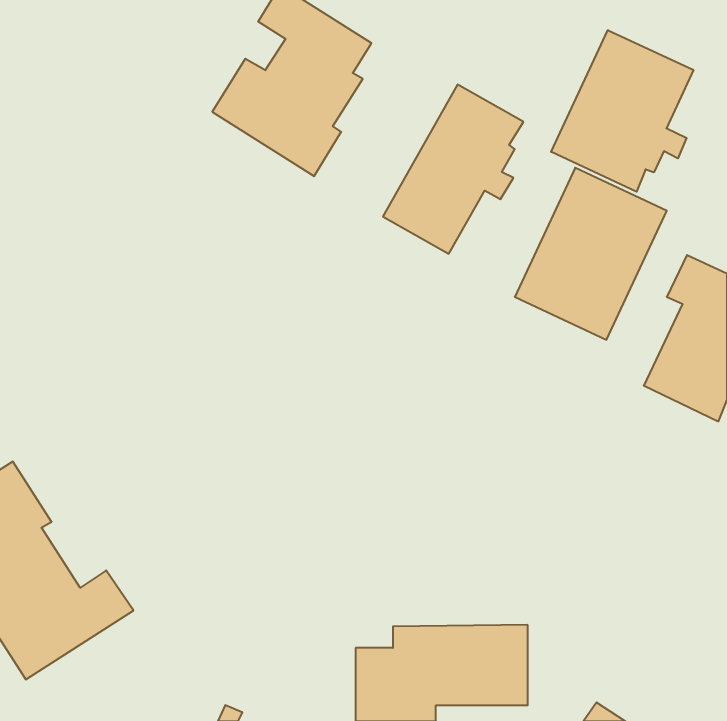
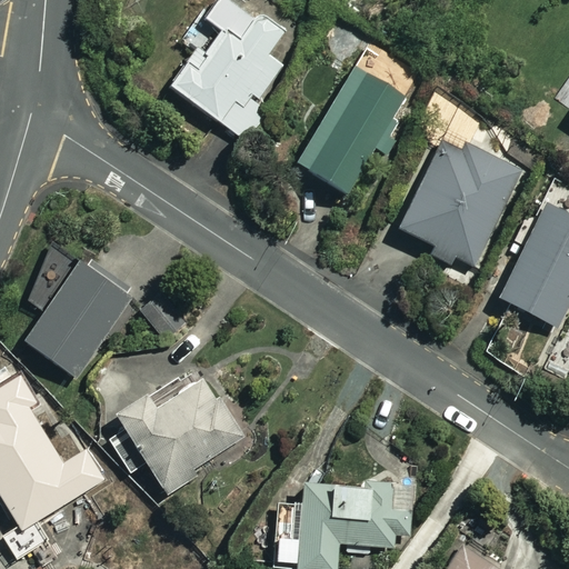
building: [551,30,693,192] -> none
building: none -> [22,244,132,379]
building: none -> [117,379,246,492]

